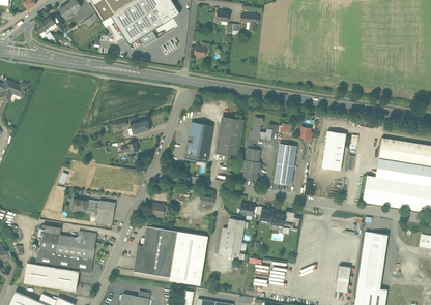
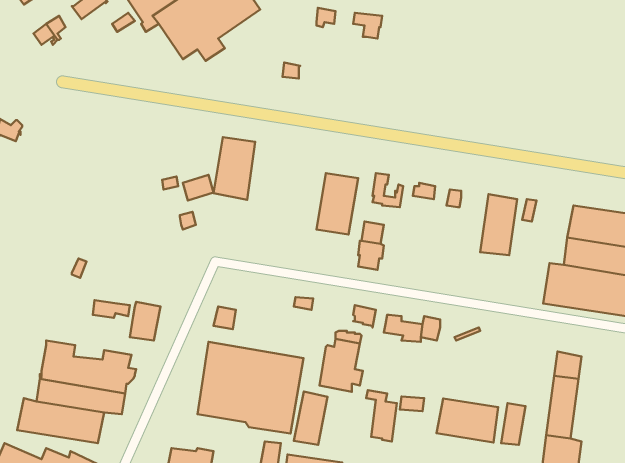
building: [184,122,211,162] -> [213,137,255,200]
building: [274,144,295,185] -> none
building: none -> [294,392,328,445]
building: none -> [437,399,498,442]

